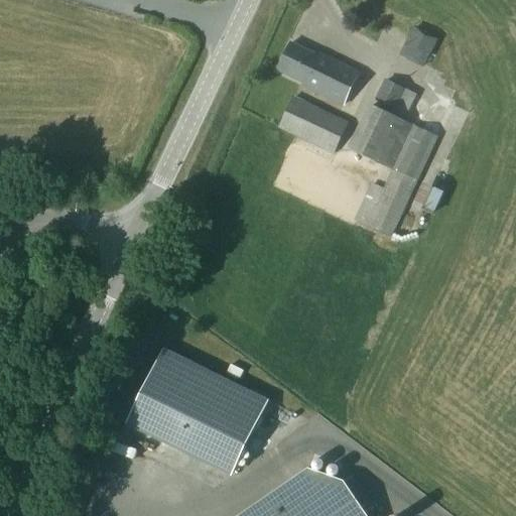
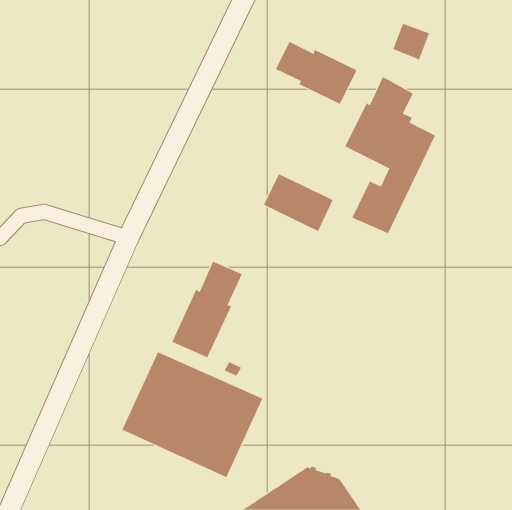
building: [278,95,349,153] -> [263,174,334,232]
building: none -> [171,261,243,358]

